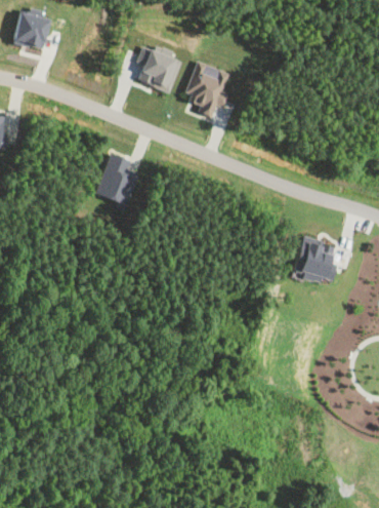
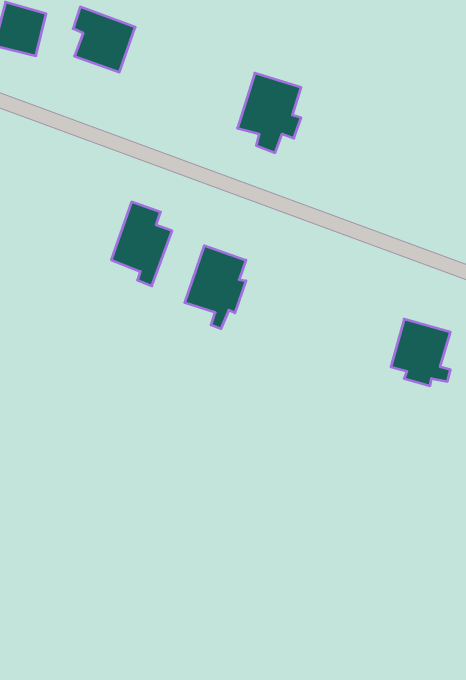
building: [136,45,180,91] -> [73,7,135,72]
building: none -> [185,246,246,329]

